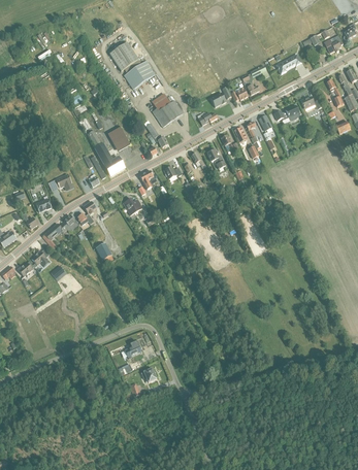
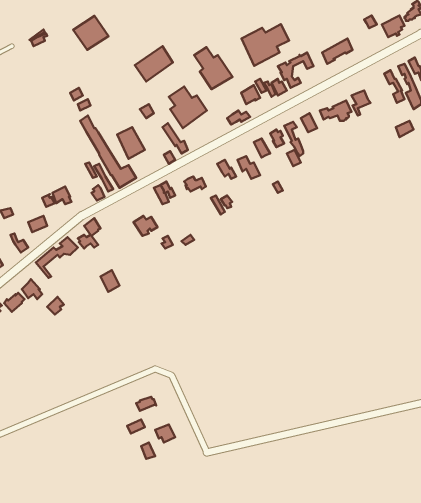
building: none -> [242,24,289,66]
building: [109,42,138,70] -> [73,16,109,50]
building: none -> [194,47,232,89]

